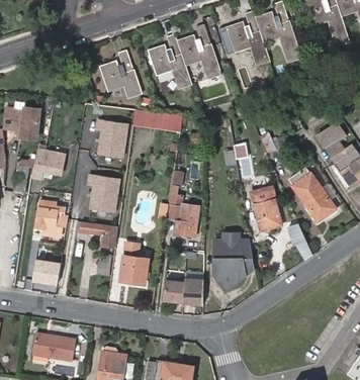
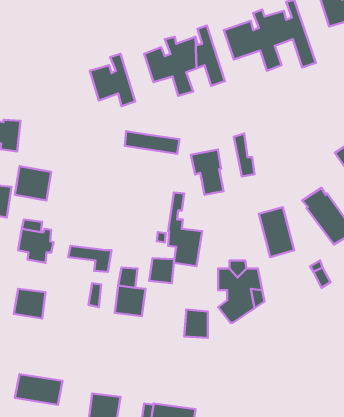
building: [94,119,128,158] -> none
building: none -> [191,150,224,195]
building: [87,173,120,212] -> none
building: [163,279,185,301] -> [149,258,174,283]

